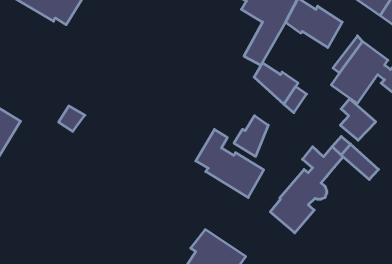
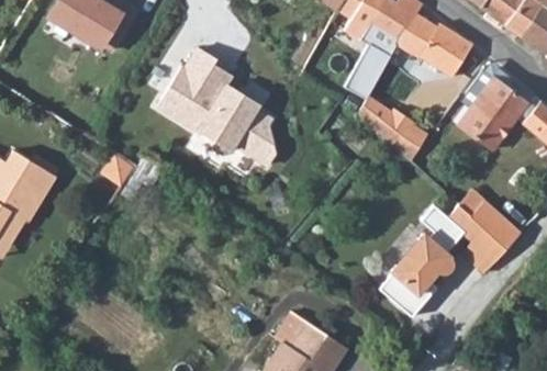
building: none -> [157,46,275,164]
building: [340,99,376,140] -> [461,218,507,272]
building: [234,116,268,156] -> none
building: [196,129,264,198] -> none

